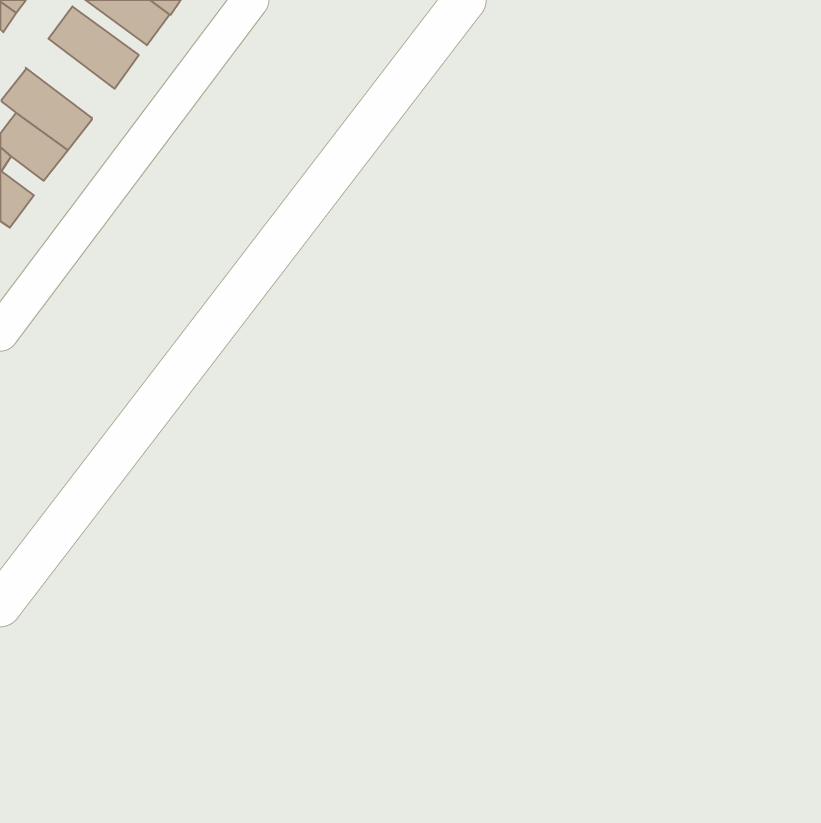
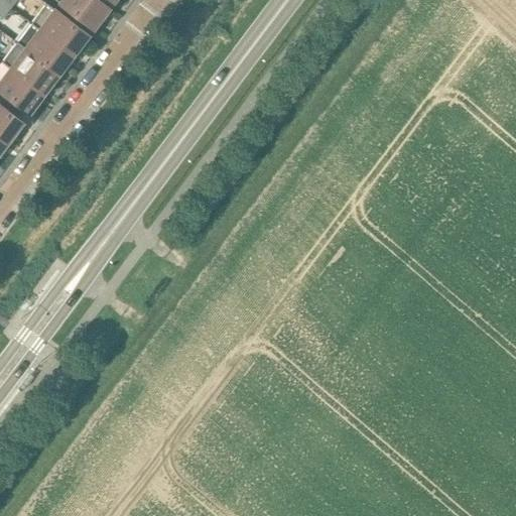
building: none -> [18,25,74,75]

